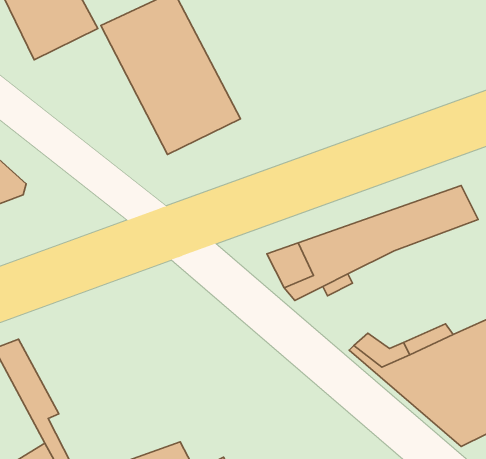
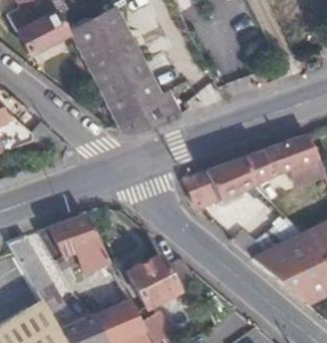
building: none -> [118,88,188,132]
building: none -> [46,215,107,273]
building: none -> [123,256,191,306]

